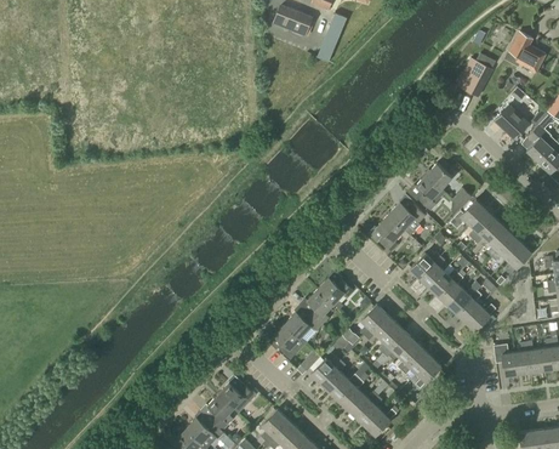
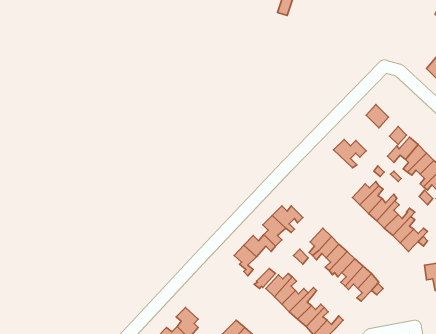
building: [456,53,496,98] -> none
building: [415,175,445,211] -> none
building: [376,215,410,251] -> none
building: [218,383,256,413] -> none

